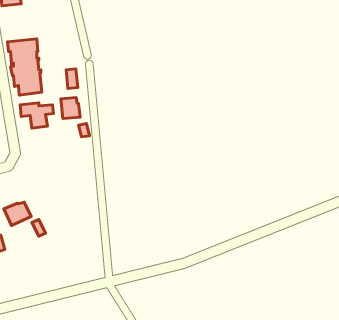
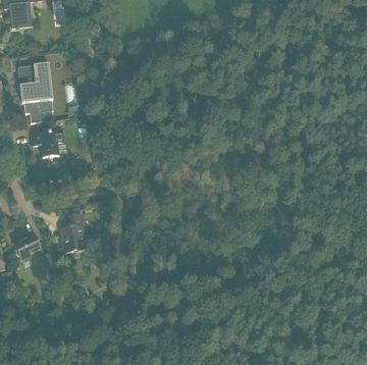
building: [61,98,80,119] -> none
building: none -> [60,212,85,251]

